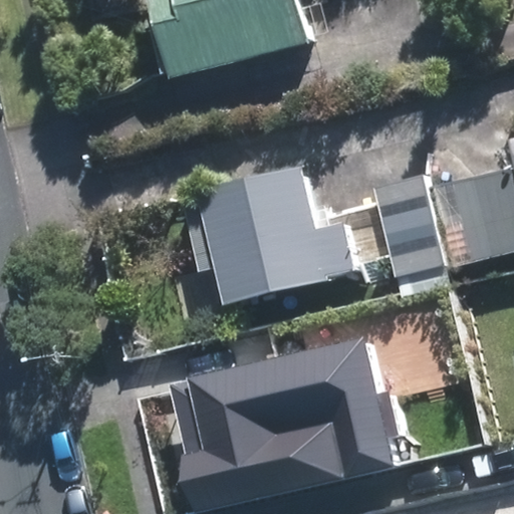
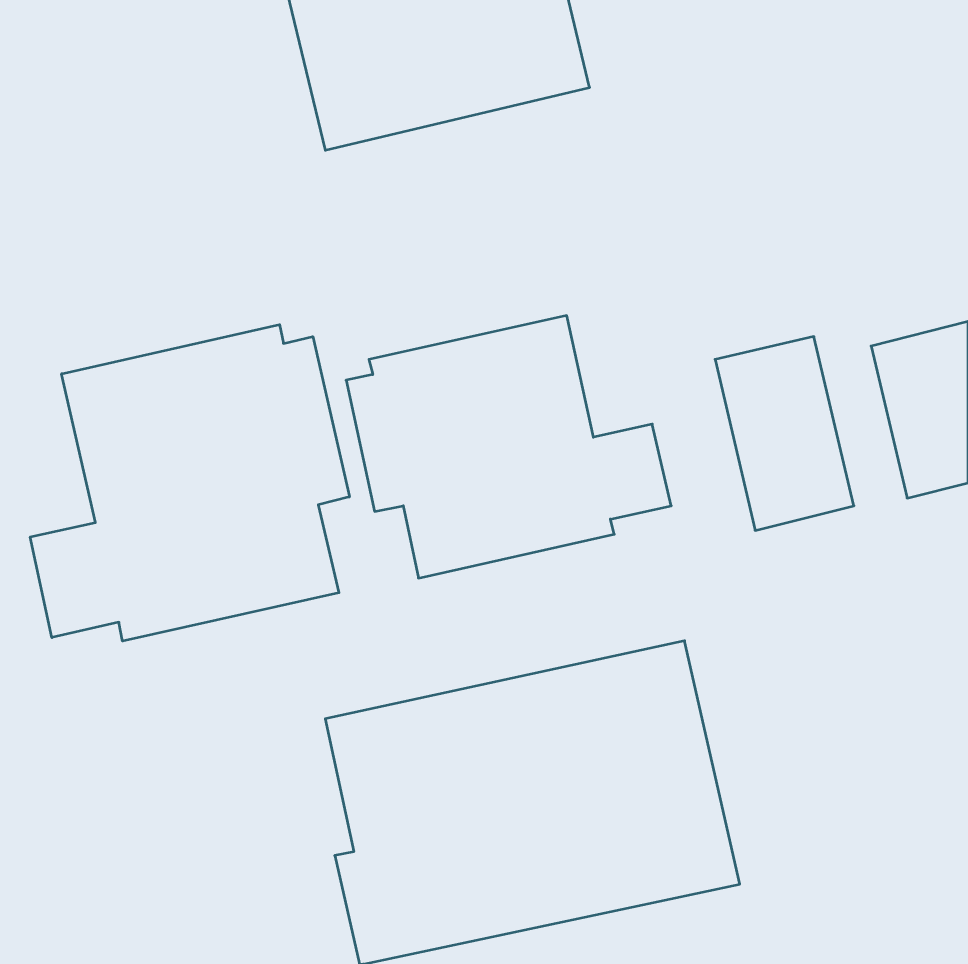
building: none -> [30,325,349,641]

